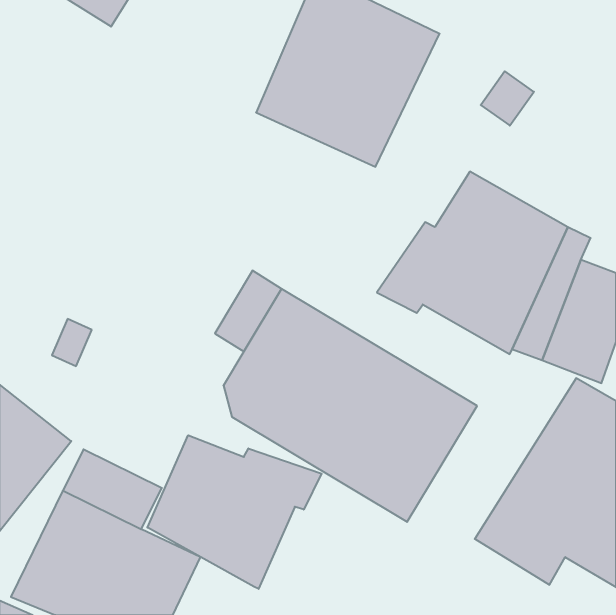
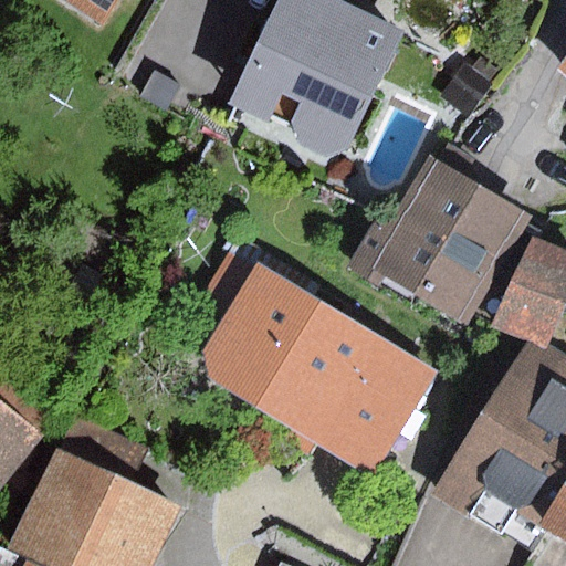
building: [147,435,322,589] -> none

